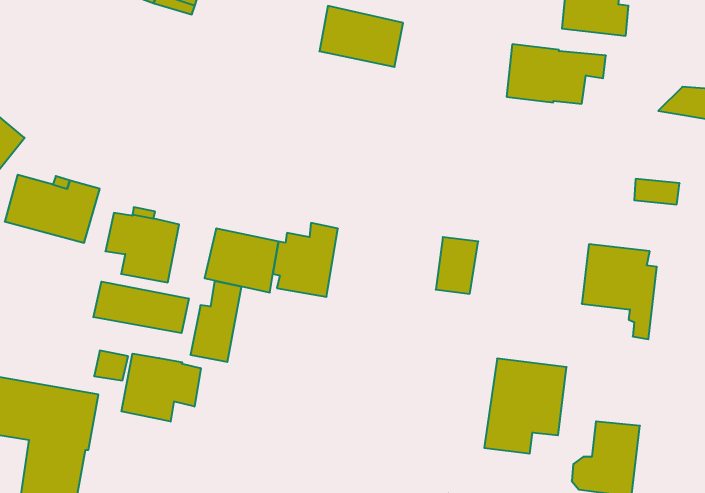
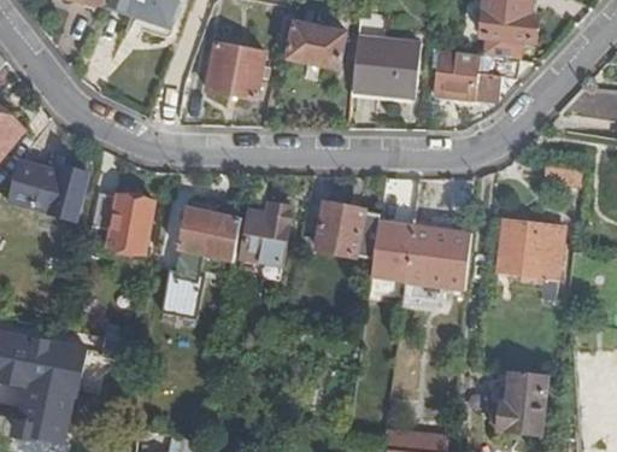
building: none -> [352,37,421,94]
building: none -> [207,42,269,99]
building: none -> [301,200,380,258]
building: [93,282,189,333] -> none
building: [121,354,201,422] -> none
building: [484,359,567,454] -> [401,224,471,305]

